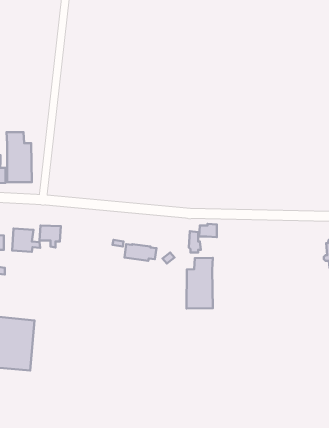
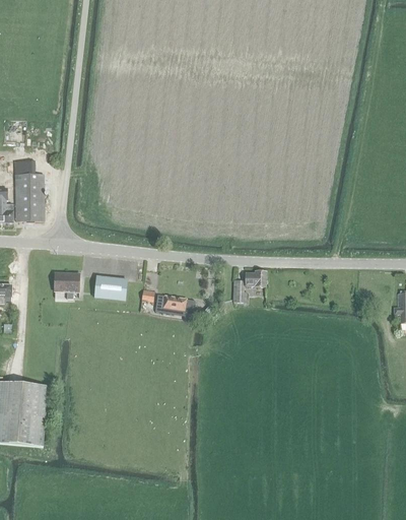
building: [12,229,40,252] -> none
building: none -> [94,276,127,300]
building: [187,258,213,308] -> none

